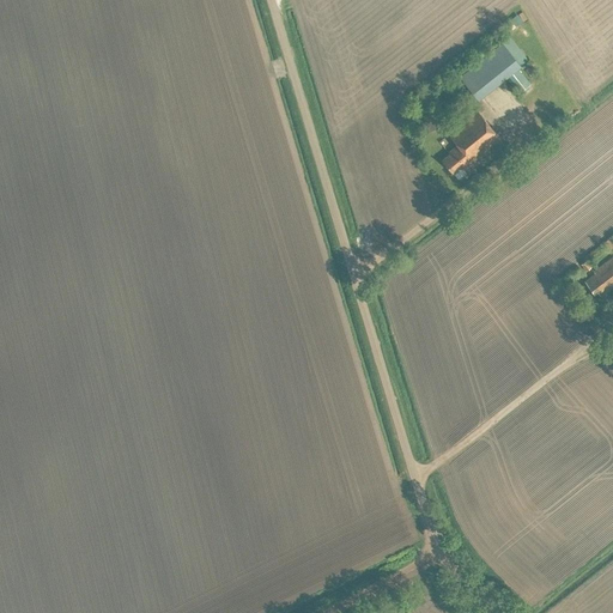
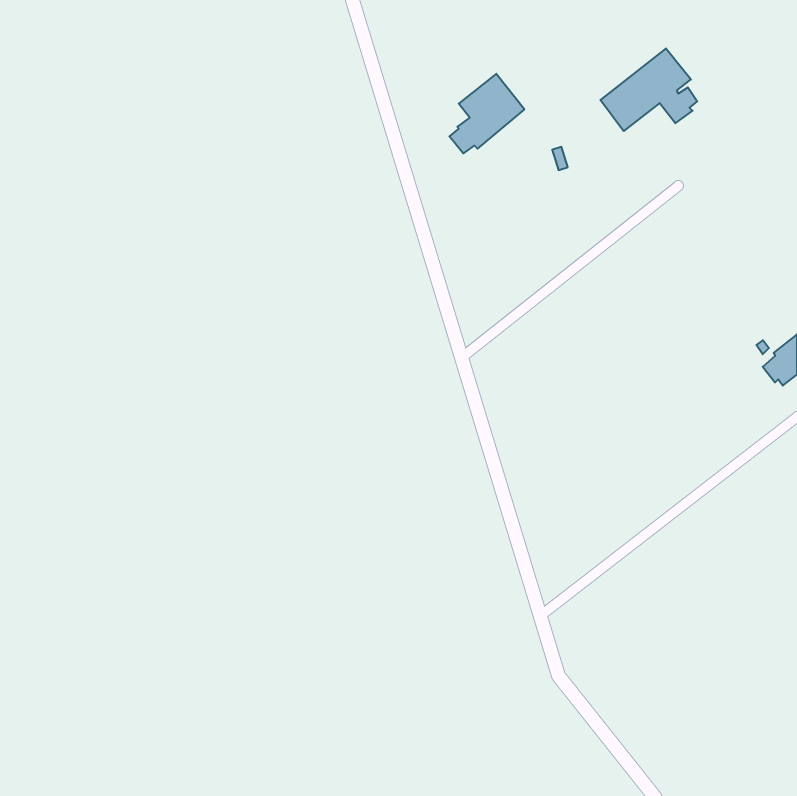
building: [442,113,499,174] -> [449,74,524,153]

